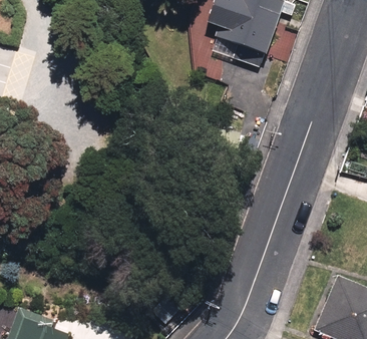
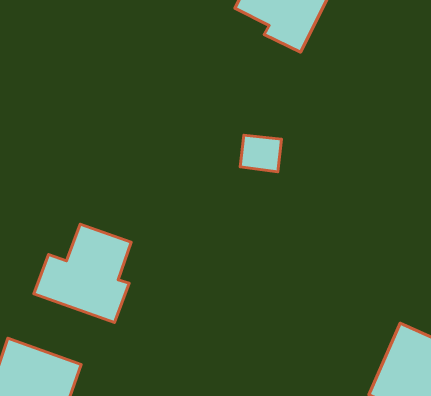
building: none -> [34,224,131,322]

